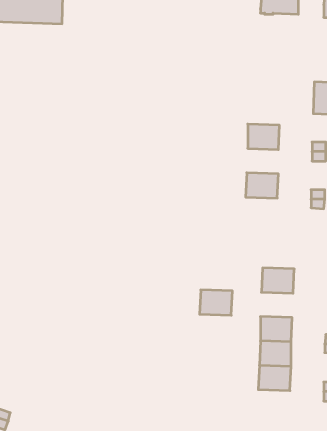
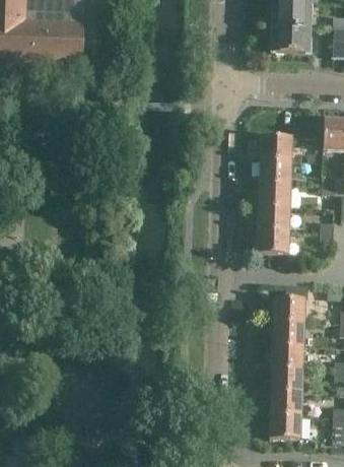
building: none -> [260,127,318,159]
building: none -> [259,182,289,206]
building: none -> [257,228,288,253]
building: [200,290,232,315] -> [272,320,303,344]
building: none -> [269,413,300,439]

